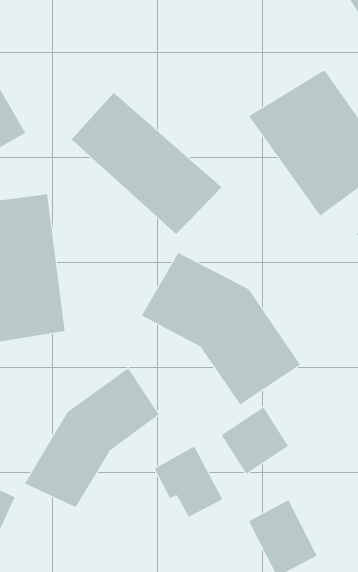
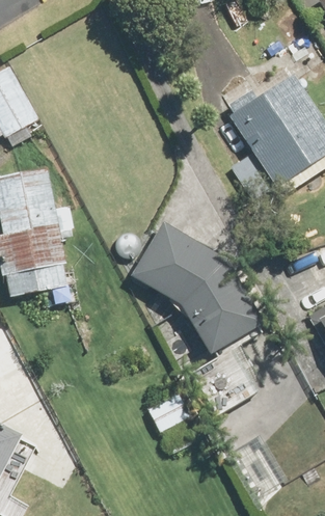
building: [71,92,223,235] -> none
building: [24,368,160,508] -> none

